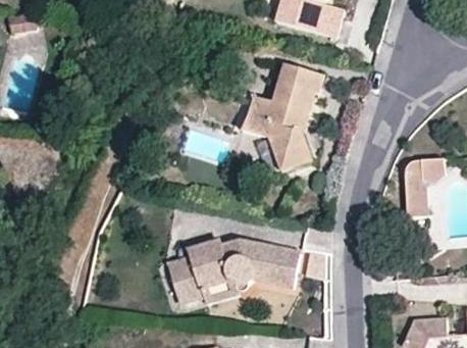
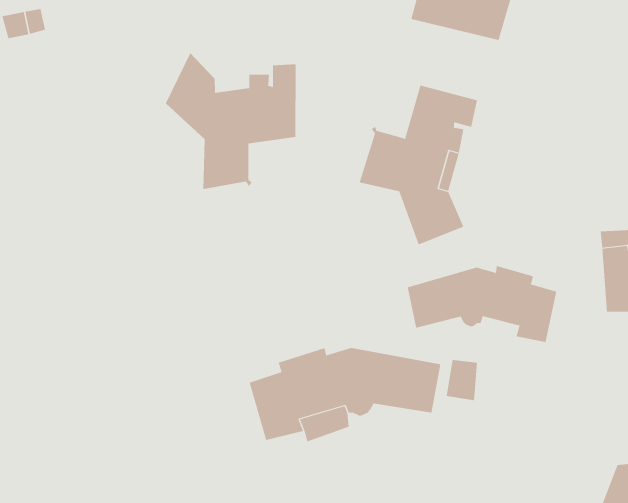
building: none -> [165,52,296,190]
building: none -> [407,265,557,343]

